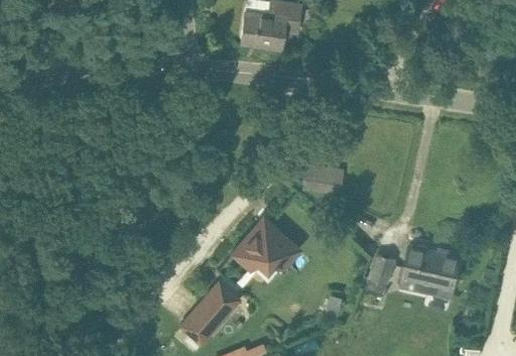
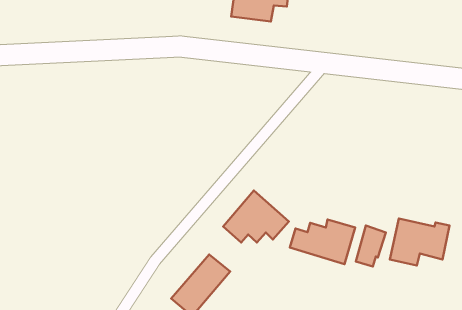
building: [303,165,343,191] -> none
building: none -> [290,219,355,264]

